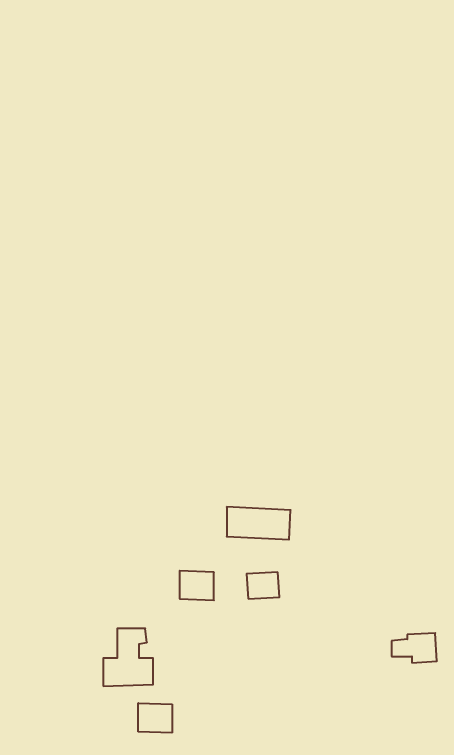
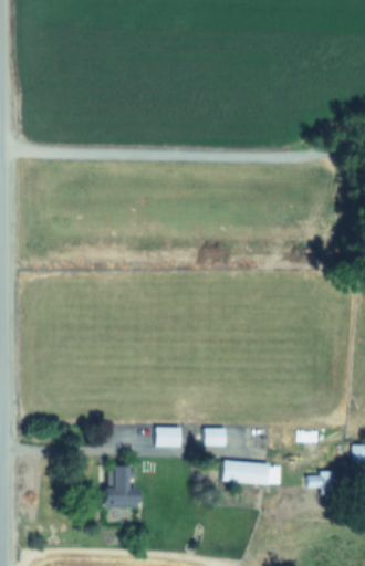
building: [227,507,291,540] -> [223,461,269,484]
building: [138,703,172,733] -> none

